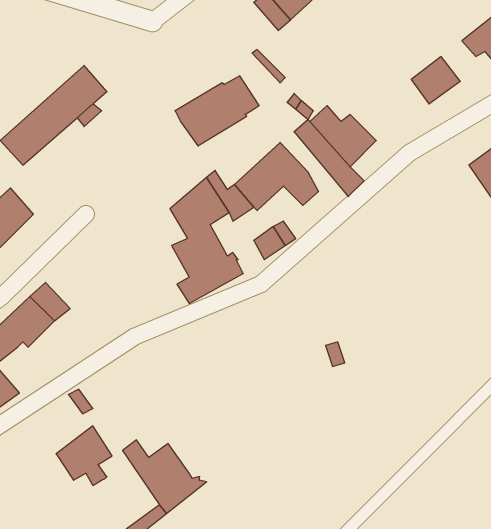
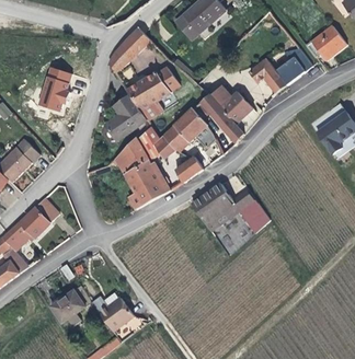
building: none -> [110,27,157,79]
building: none -> [249,59,286,94]
building: none -> [107,96,147,140]
building: none -> [193,184,270,233]

